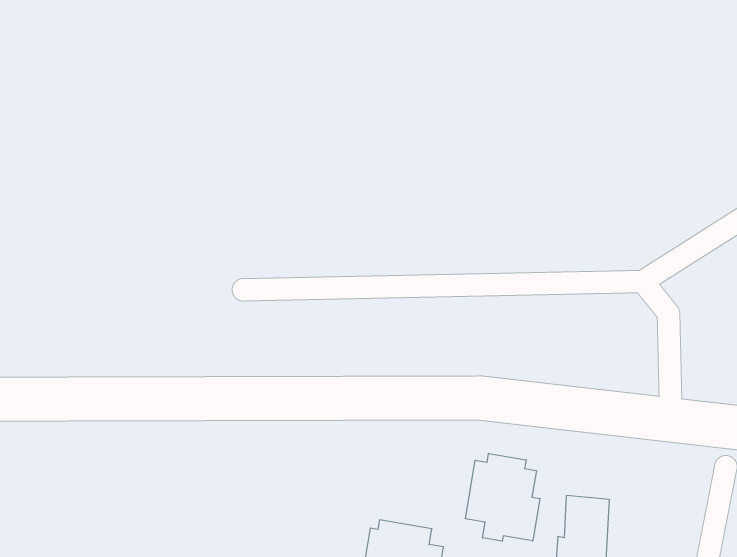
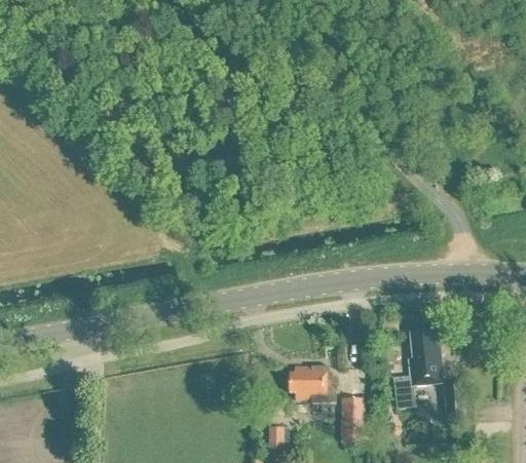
building: [466,453,540,541] -> none

